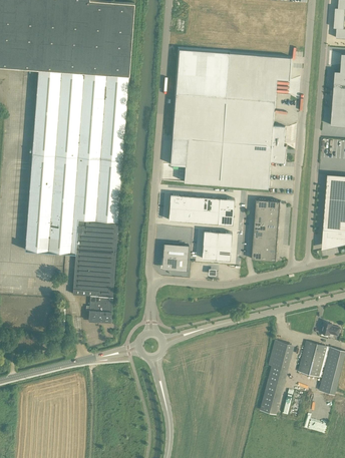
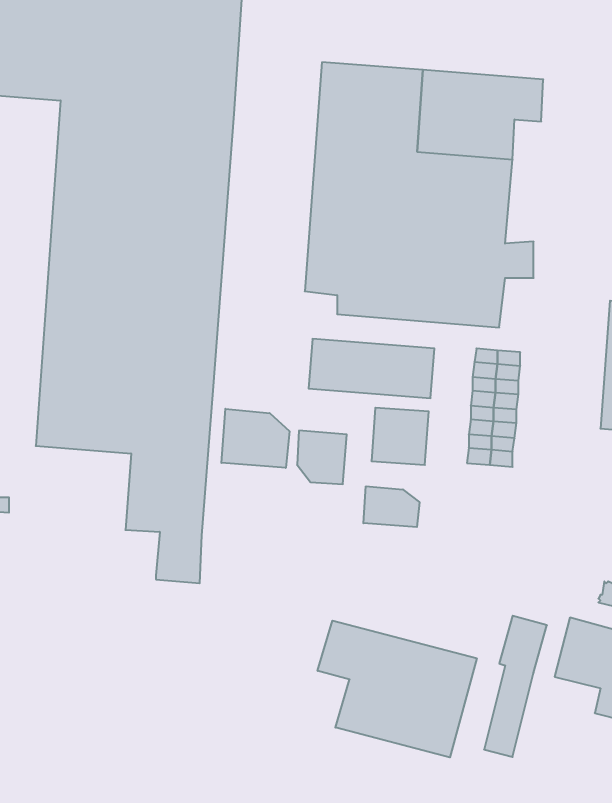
building: none -> [221,409,289,468]
building: none -> [363,486,419,527]
building: none -> [318,621,477,757]

